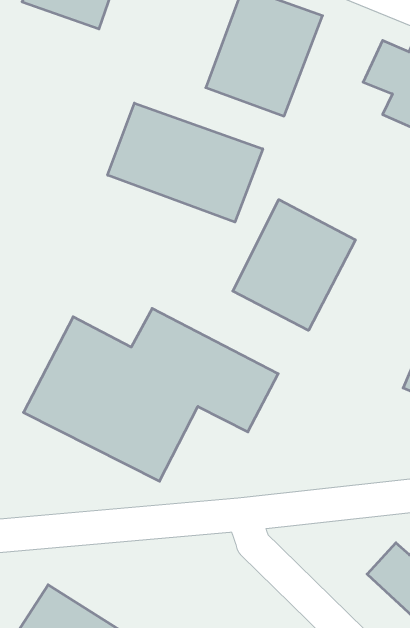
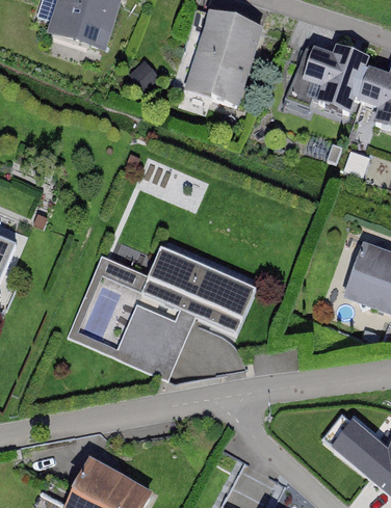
building: [108,103,263,222] -> none
building: [233,200,355,330] -> none

